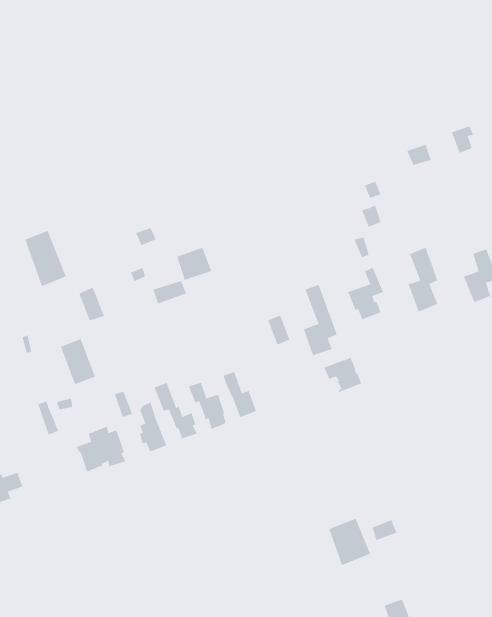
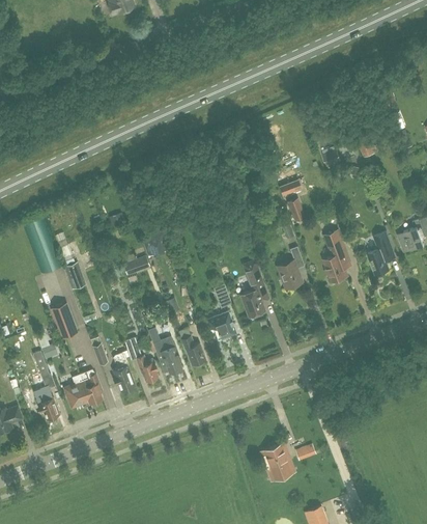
building: [324,357,362,393] -> [206,311,236,339]
building: none -> [37,385,59,419]

